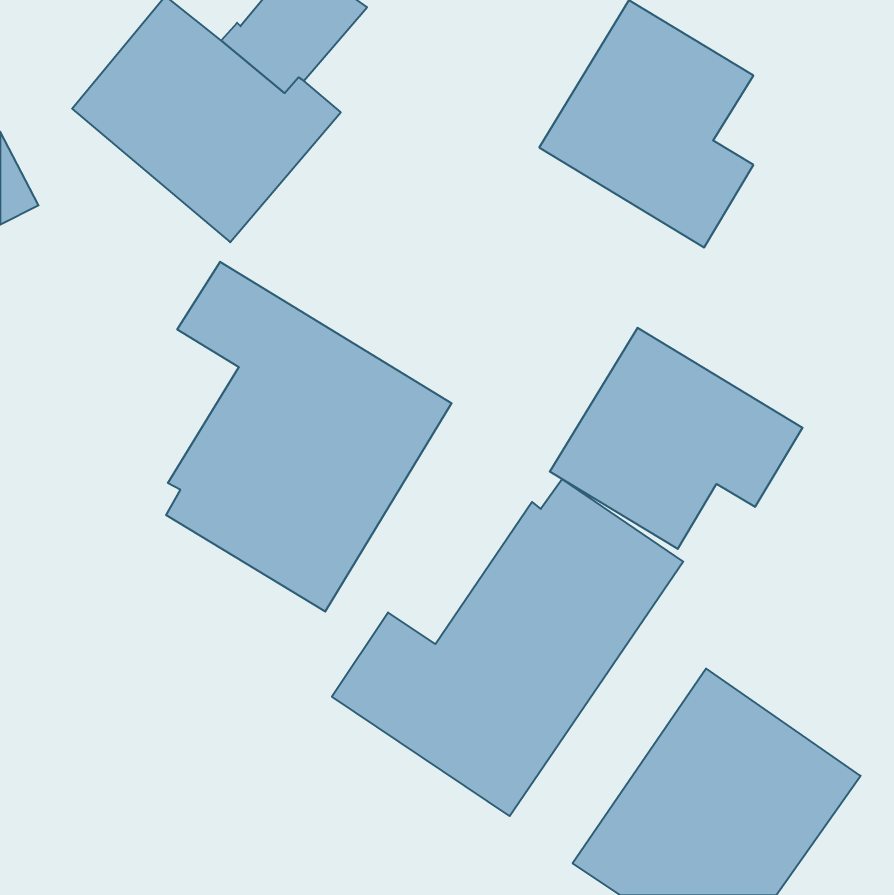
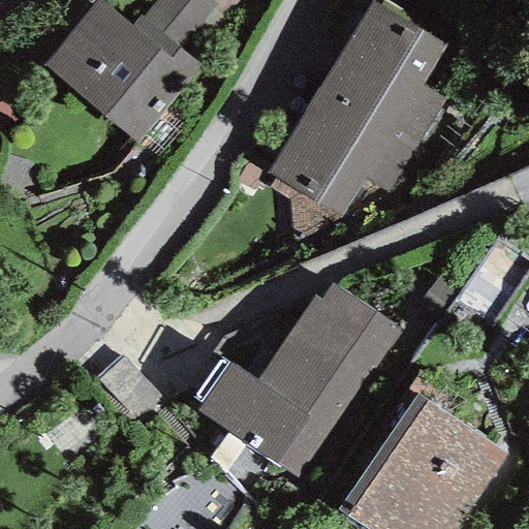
building: [166,262,452,612] -> none
building: [550,328,803,549] -> [268,87,416,217]

